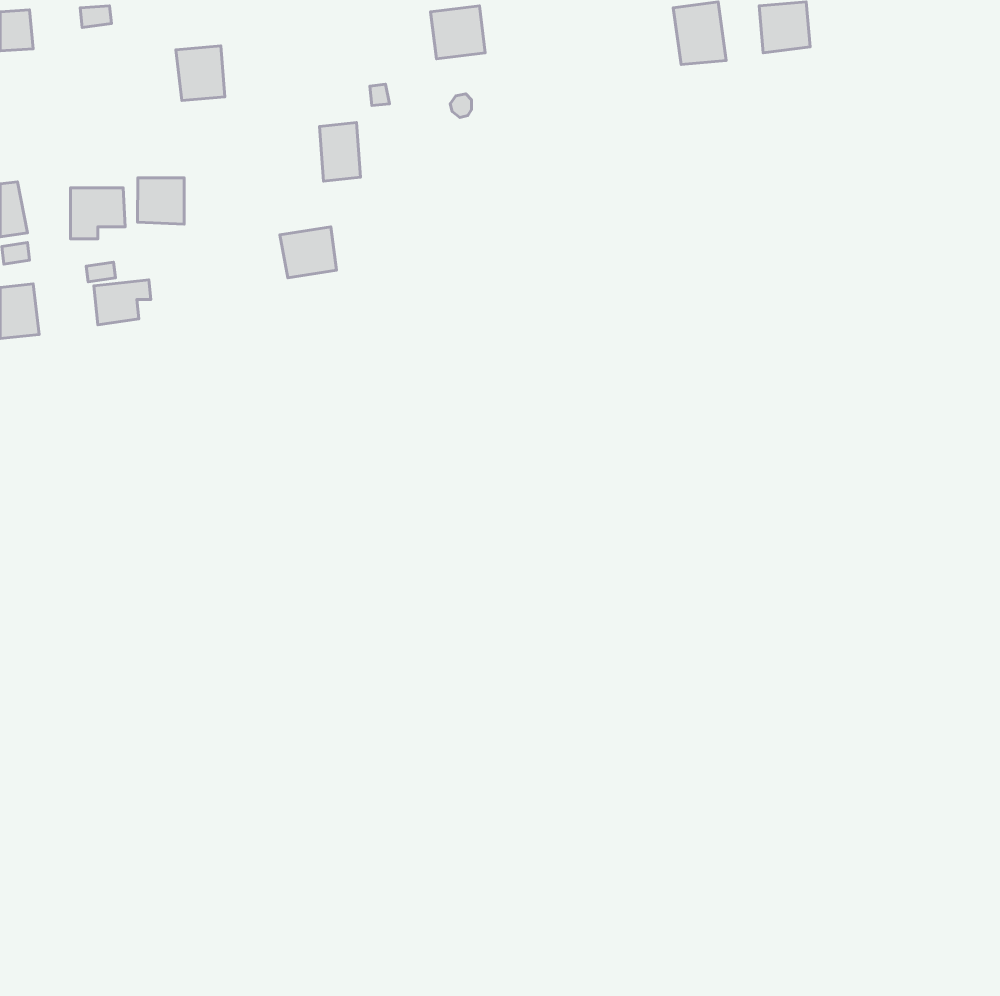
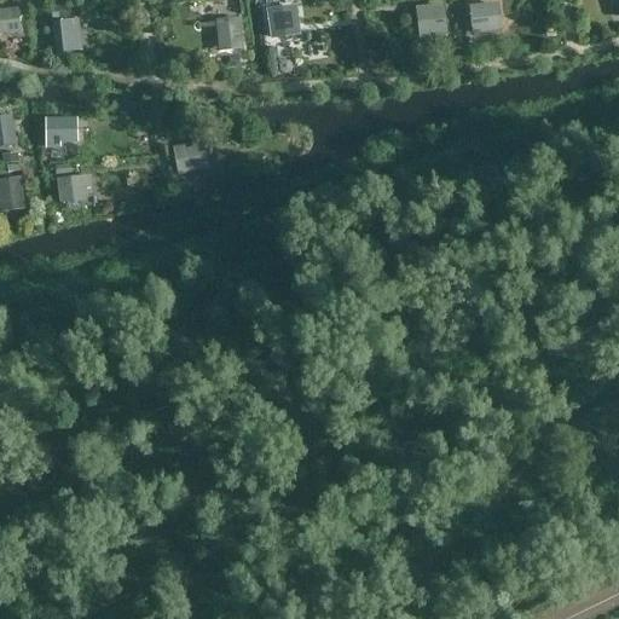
building: [176,46,225,101] -> [51,17,81,51]
building: [319,122,361,181] -> [216,15,242,51]
building: [138,178,184,224] -> none

